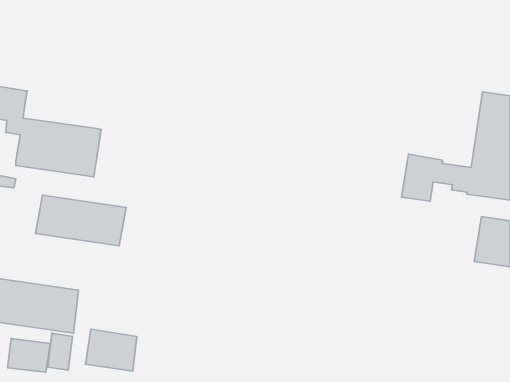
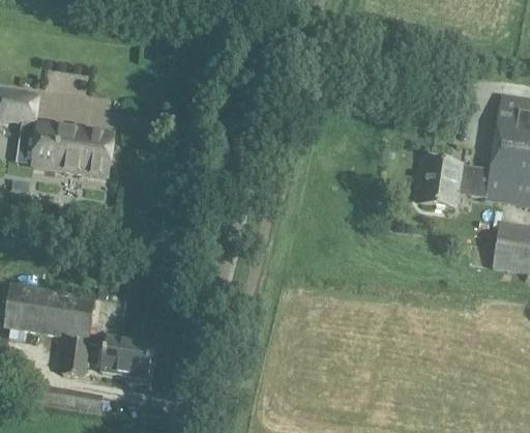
building: [36,195,126,246] -> none
building: [8,339,50,372] -> none

